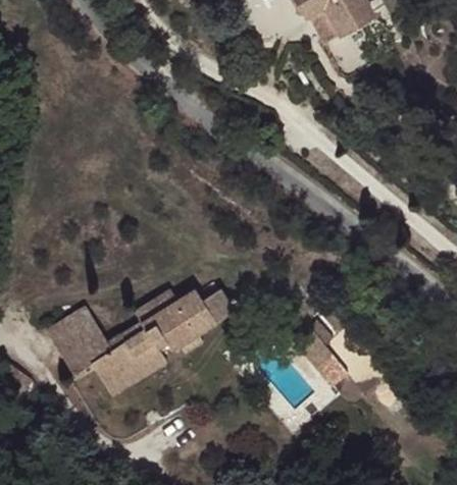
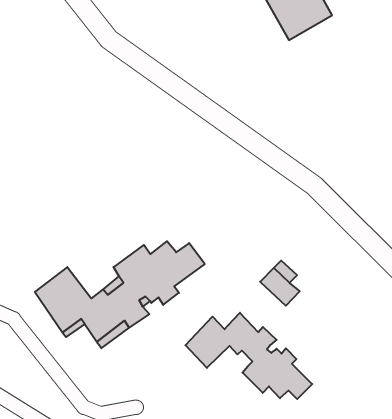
building: none -> [185,313,312,399]

